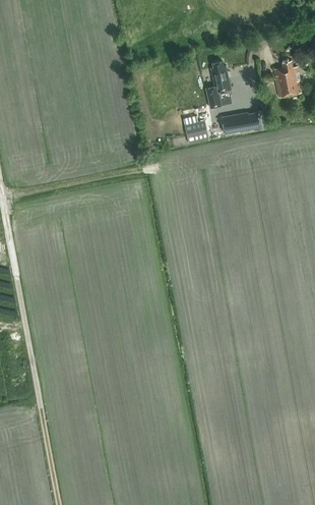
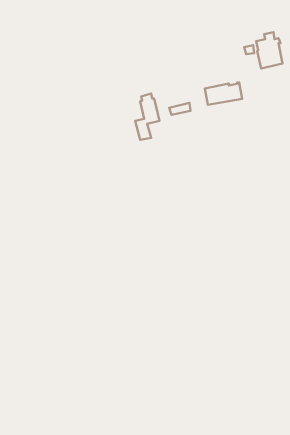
building: [205,59,230,106] -> [135,93,159,140]

